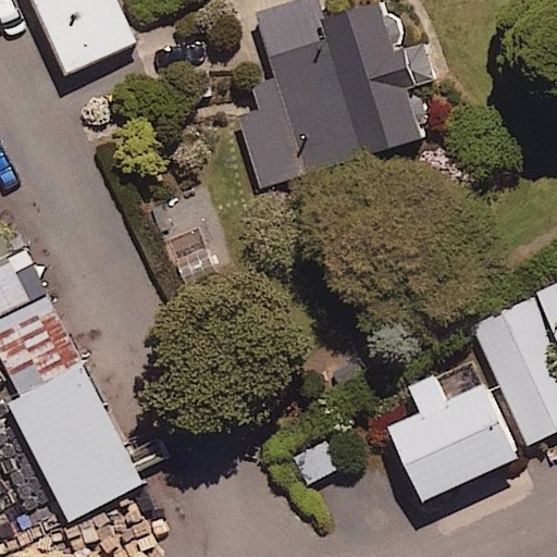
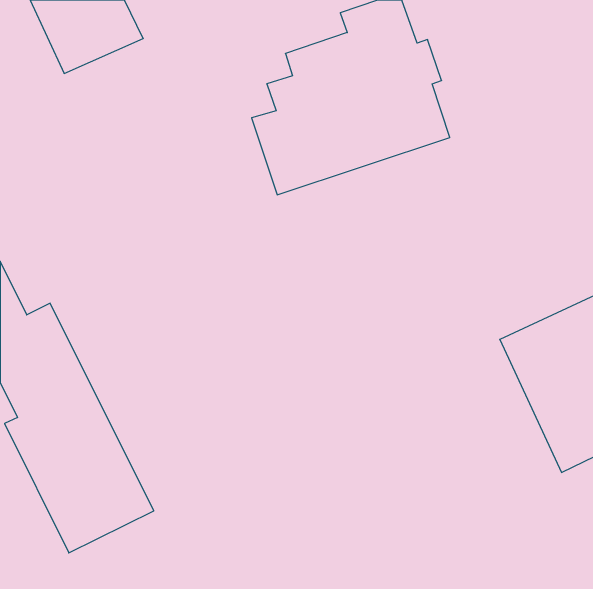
building: [384,379,515,497] -> none

